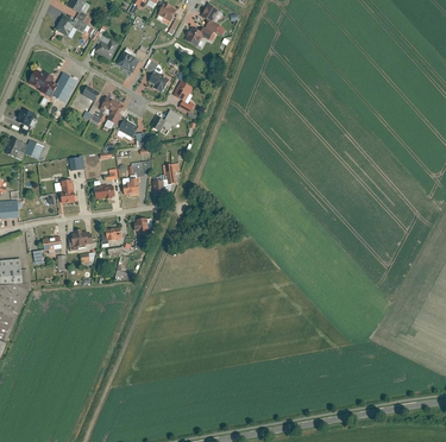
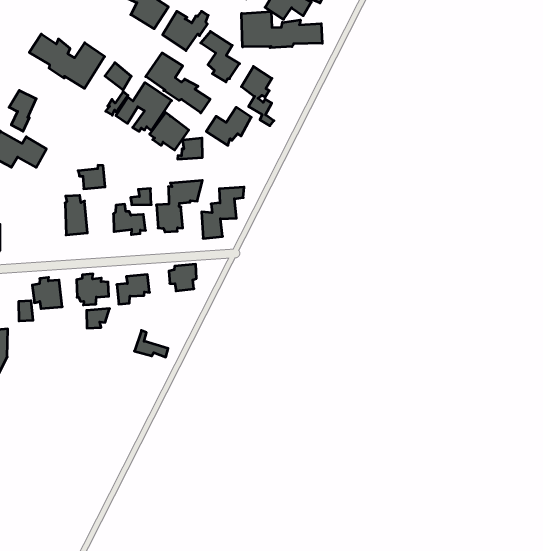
building: none -> [242,11,322,48]
building: none -> [146,53,210,113]

